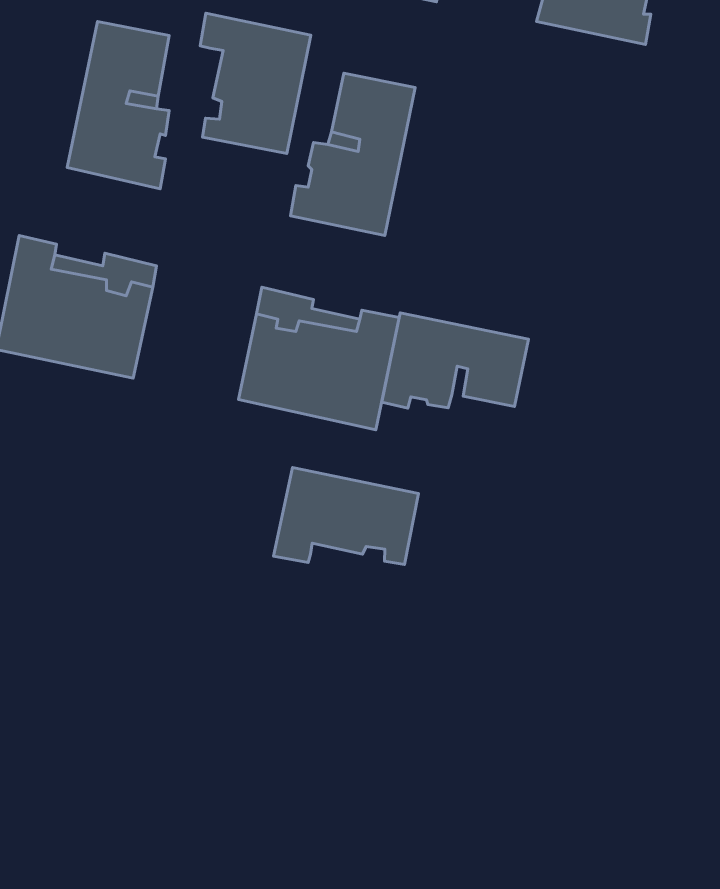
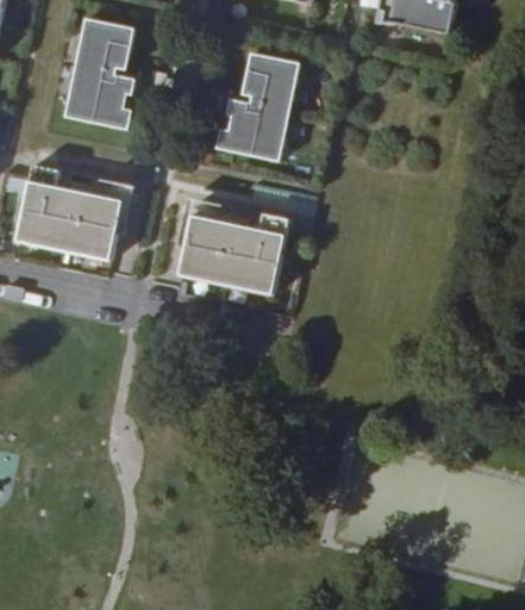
building: [200,13,311,154] -> none
building: [382,313,529,408] -> none
building: [274,468,418,565] -> none

